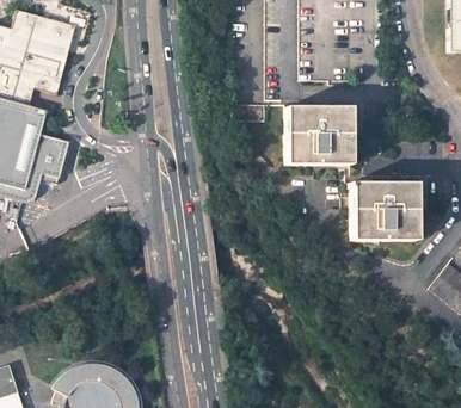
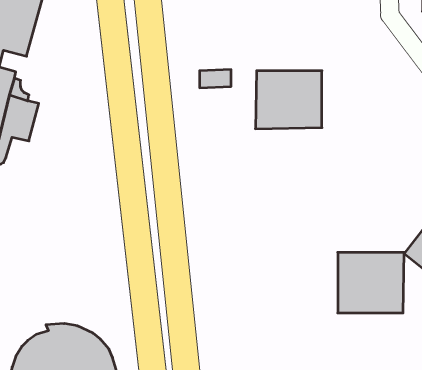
building: [351,180,417,240] -> [338,252,404,313]

